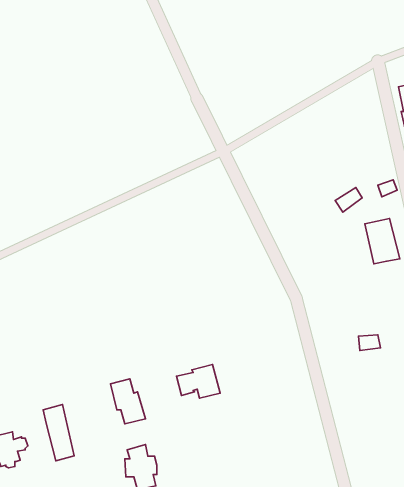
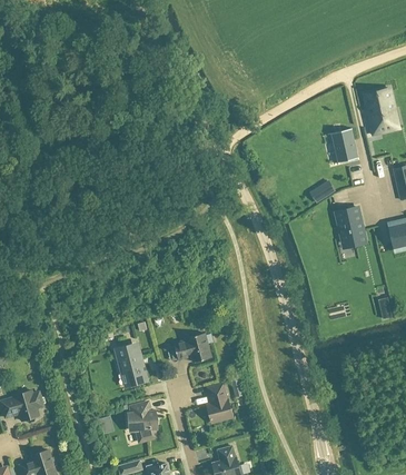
building: none -> [326,128,357,164]
building: [43,405,74,461] -> none
building: none -> [206,384,231,422]

